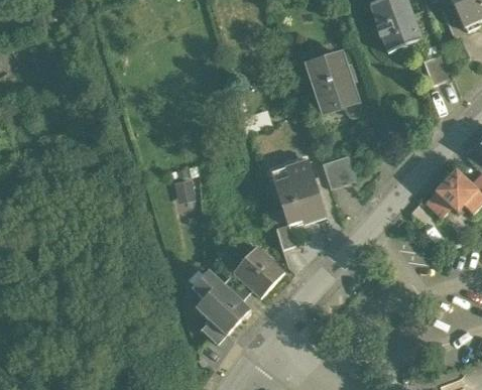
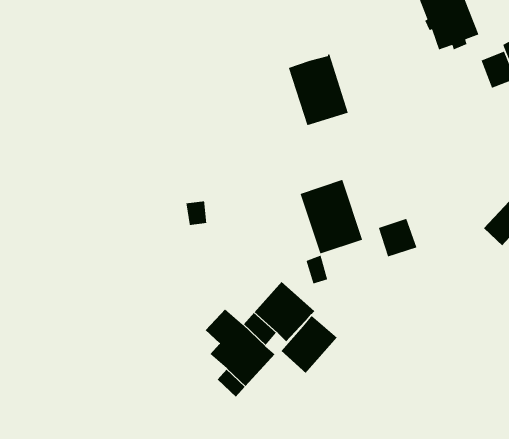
building: [307,51,358,113] -> [288,53,349,126]
building: [323,155,356,188] -> [378,218,418,258]
building: none -> [280,315,338,374]

